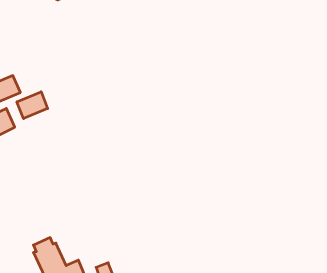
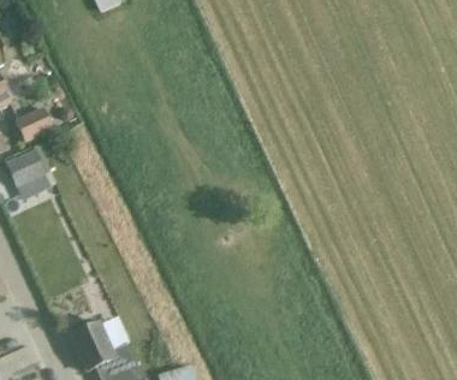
building: [17,92,48,119] -> none

